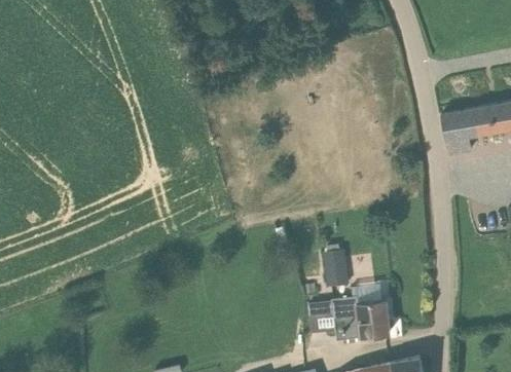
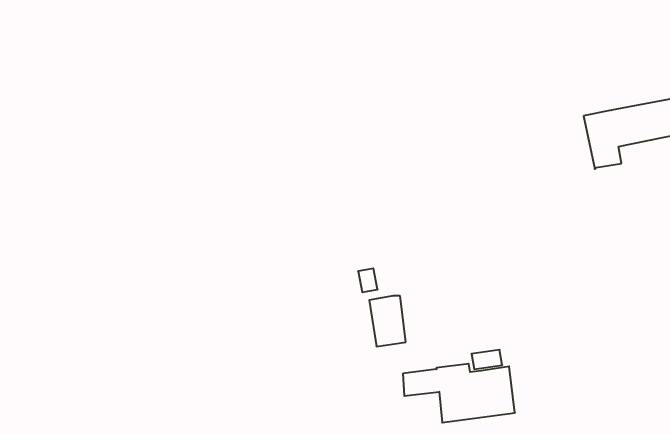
building: [322,250,349,287] -> [369,296,406,346]

